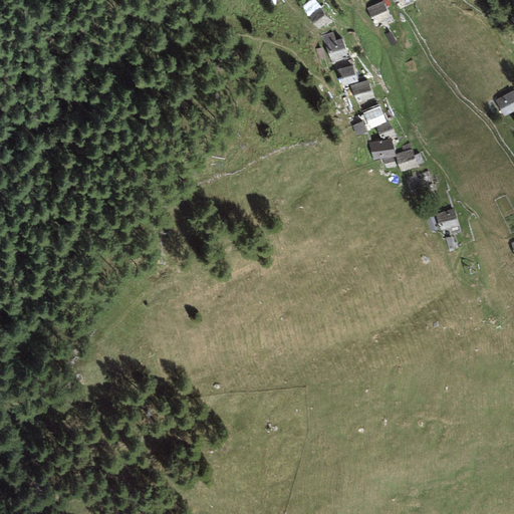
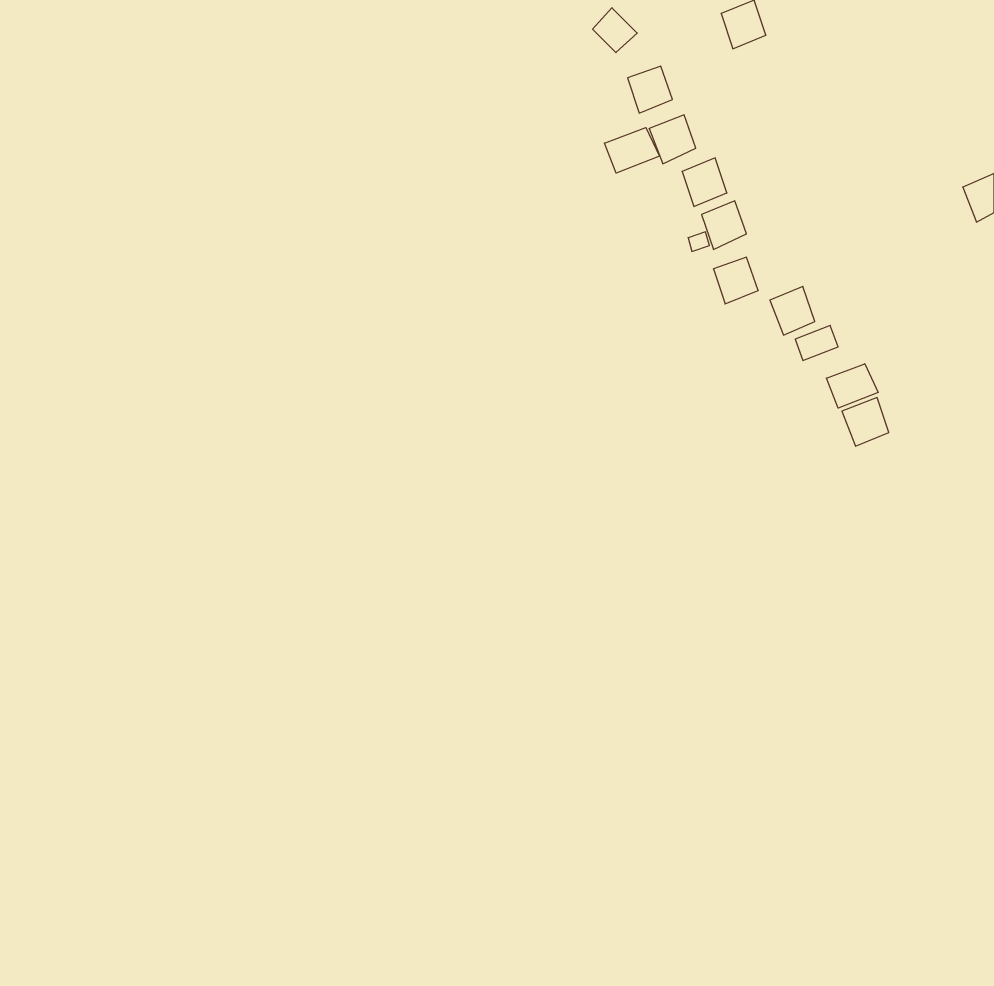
building: none -> [604,128,660,173]
building: none -> [826,364,878,408]

